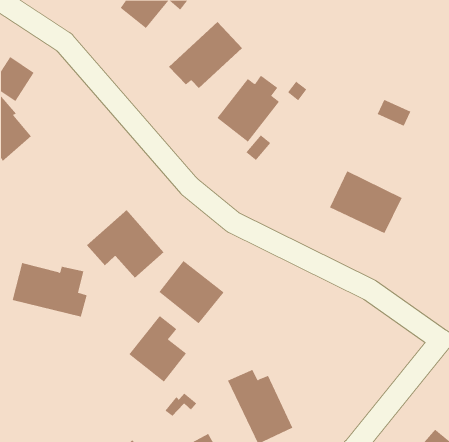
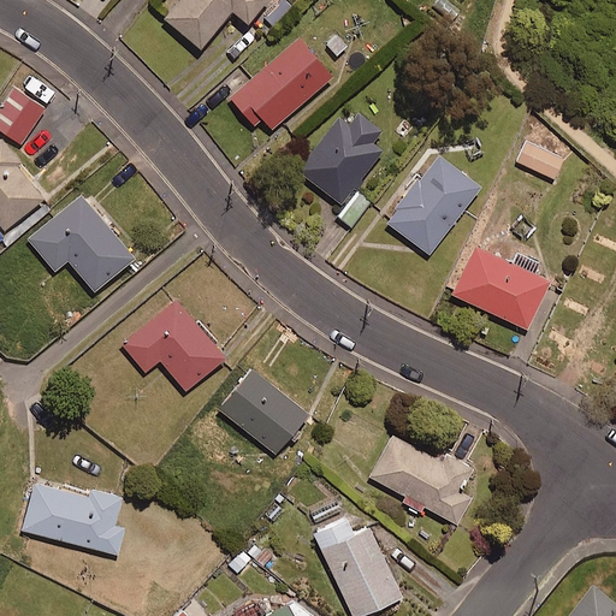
building: none -> [383,149,484,256]
building: none -> [26,192,136,291]
building: [12,263,88,317] -> [22,481,125,556]
building: none -> [368,432,472,525]
building: [128,315,187,382] -> none

